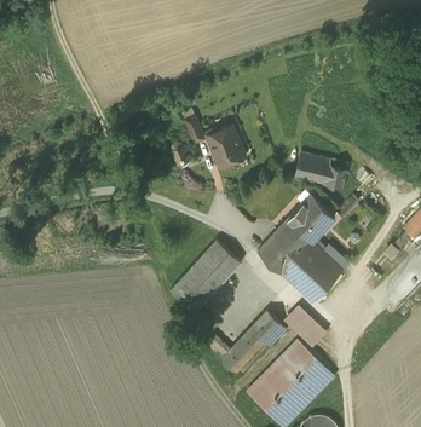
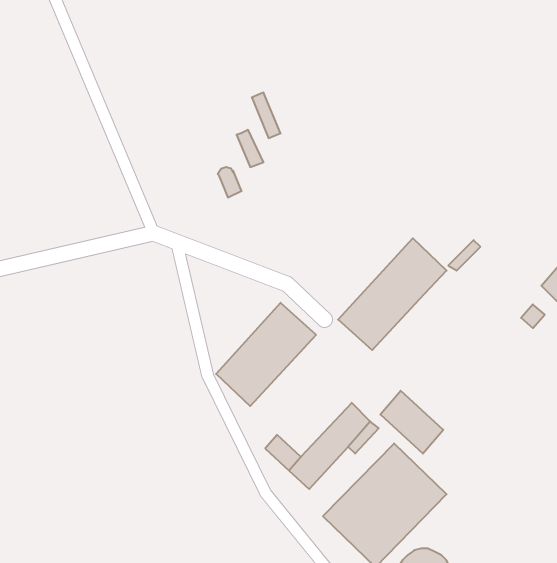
building: [206,125,246,167] -> none
building: [295,151,348,187] -> none
building: [282,237,342,301] -> none

